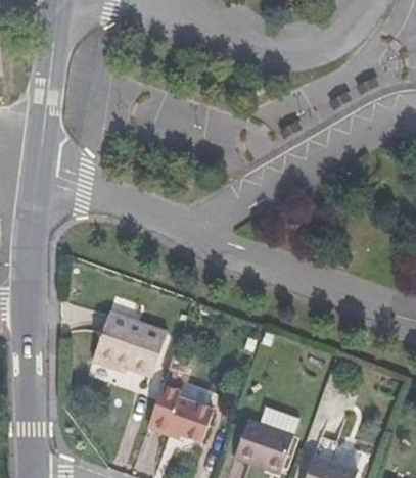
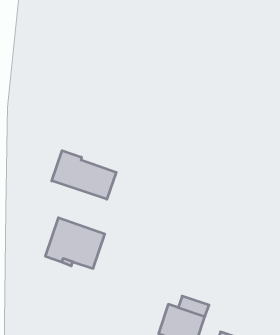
building: none -> [52,151,116,199]
building: [147,385,213,442] -> none

